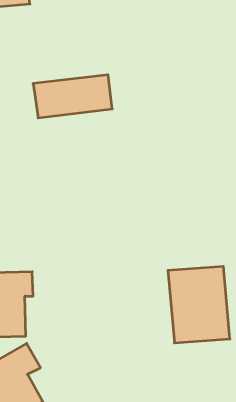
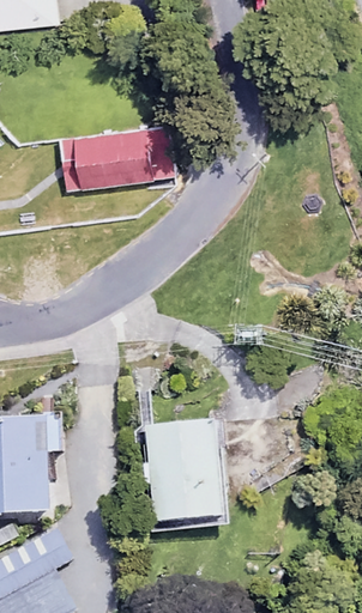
building: [168,266,230,343] -> [139,420,230,533]

